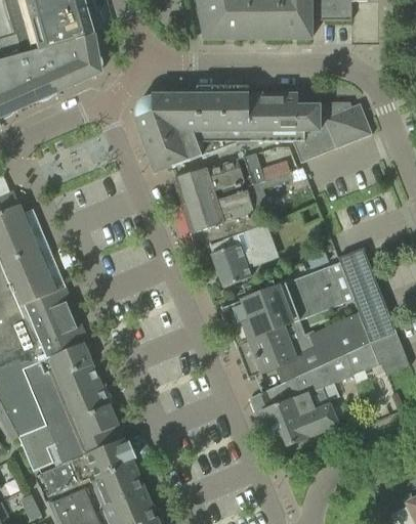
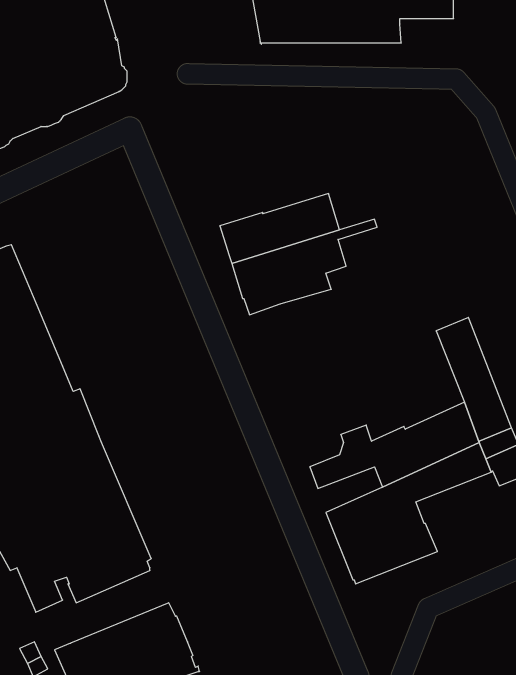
building: [134,85,372,172] -> none
building: [210,224,269,287] -> none
building: [221,266,344,360] -> none
building: [41,436,136,494] -> none

